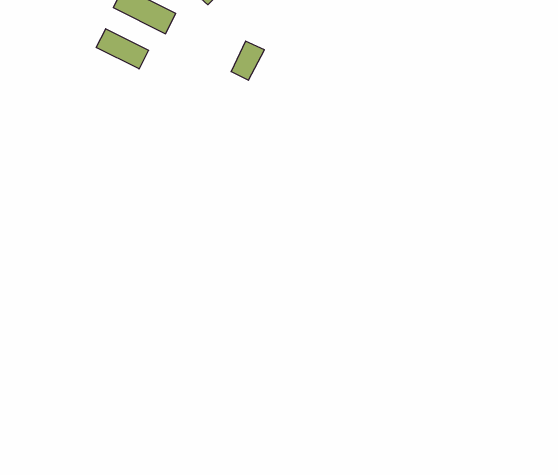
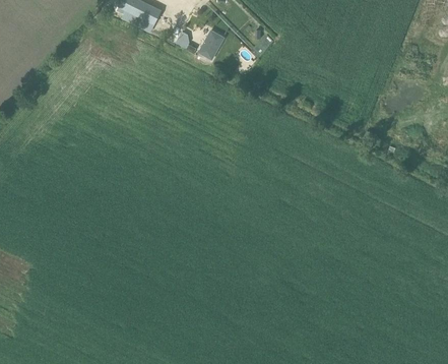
building: [96,29,149,69] -> none

